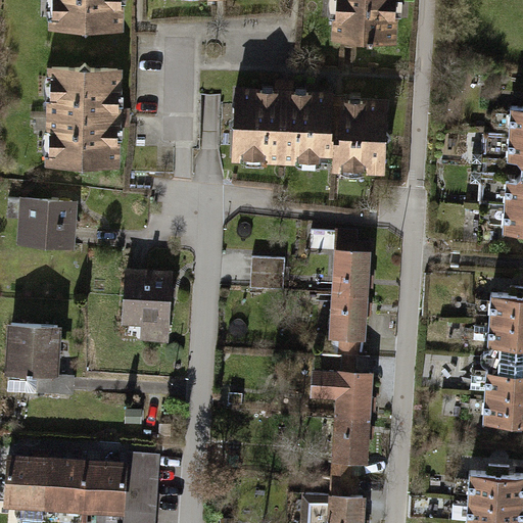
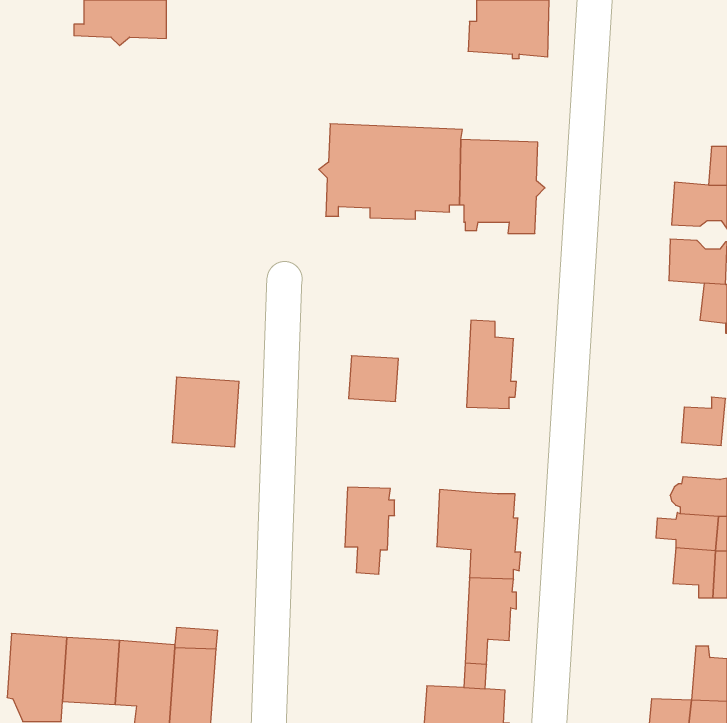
building: [50,64,118,172] -> none
building: [22,200,73,248] -> none
building: [333,295,369,358] -> [345,487,395,574]
building: [474,321,518,347] -> none
building: [8,325,68,395] -> none
building: [468,466,500,506] -> none

